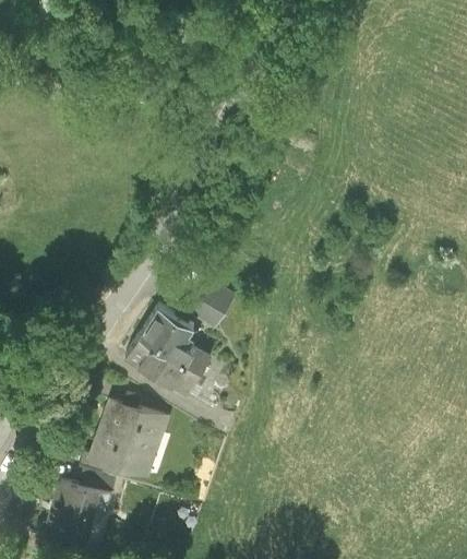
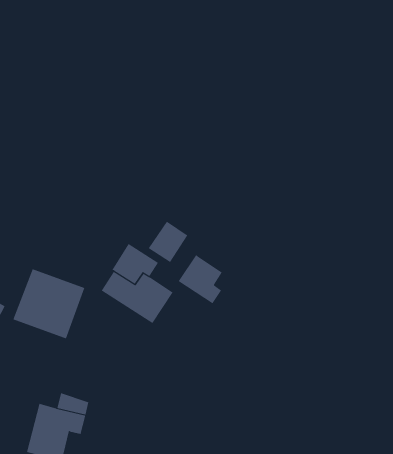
building: none -> [178,254,223,304]
building: [88,401,169,479] -> [13,268,85,339]

